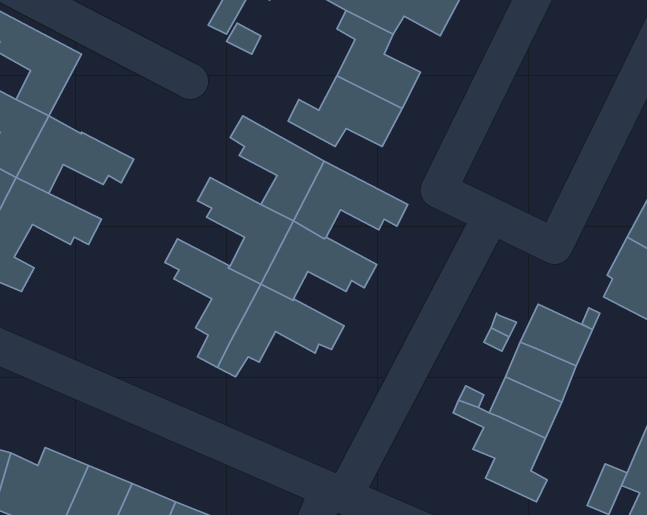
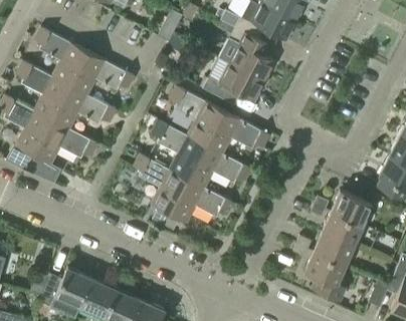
building: none -> [69,51,135,95]

